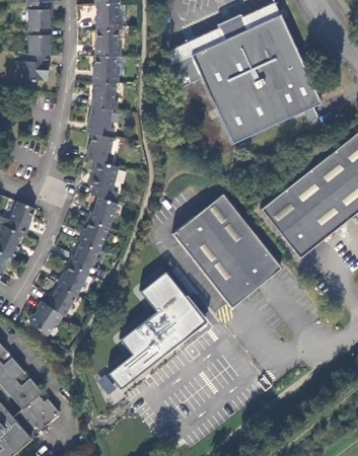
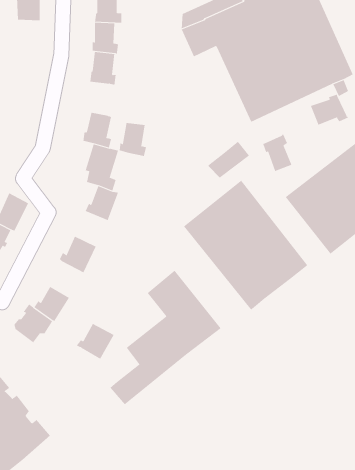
building: [20,52,49,80] -> none
building: [86,106,111,136] -> [119,123,147,156]
building: none -> [310,94,349,125]
building: none -> [262,133,292,172]
building: none -> [207,141,250,179]
building: [77,219,109,249] -> none
building: [54,262,87,294] -> [76,323,115,359]

